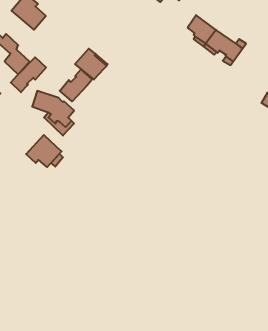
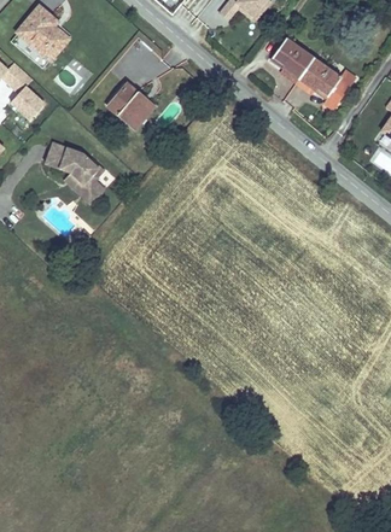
building: [11,57,46,92] -> none
building: [60,69,92,101] -> none
building: [26,135,62,167] -> none

